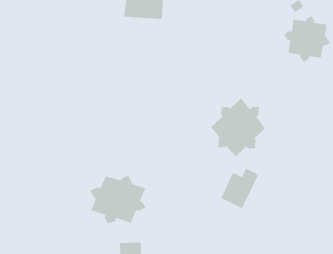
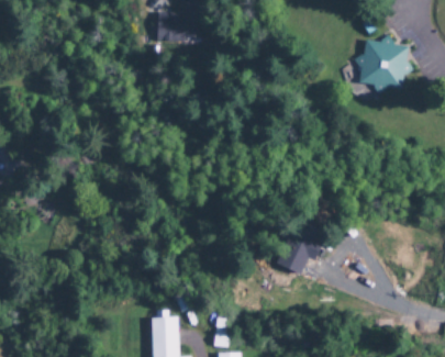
building: [210,97,266,157] -> none
building: [89,175,147,225] -> none

